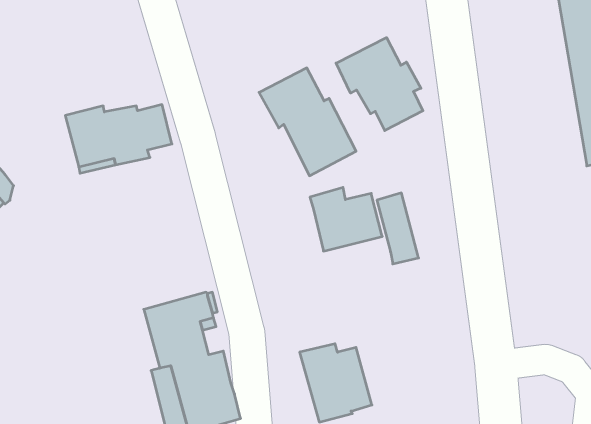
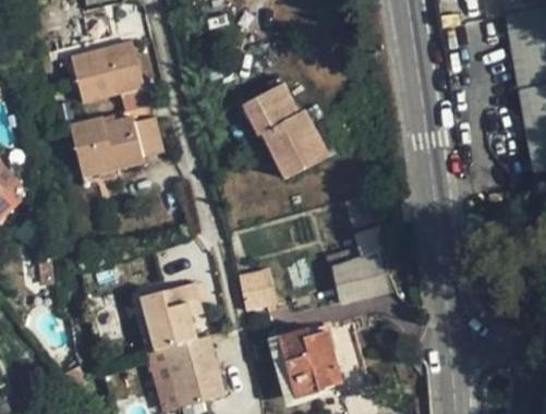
building: none -> [70,42,151,112]
building: [336,38,423,131] -> none
building: [310,187,382,251] -> [328,247,392,304]
building: none -> [239,270,277,312]

